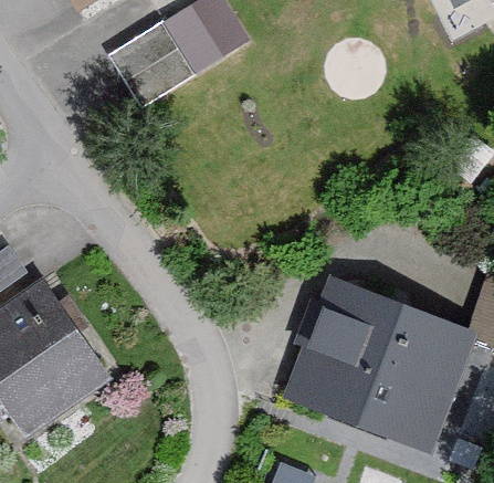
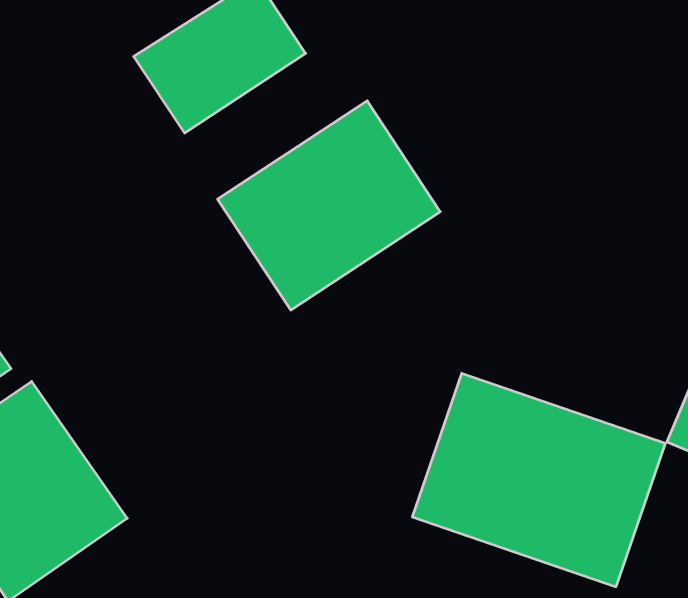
building: none -> [218,101,440,310]

